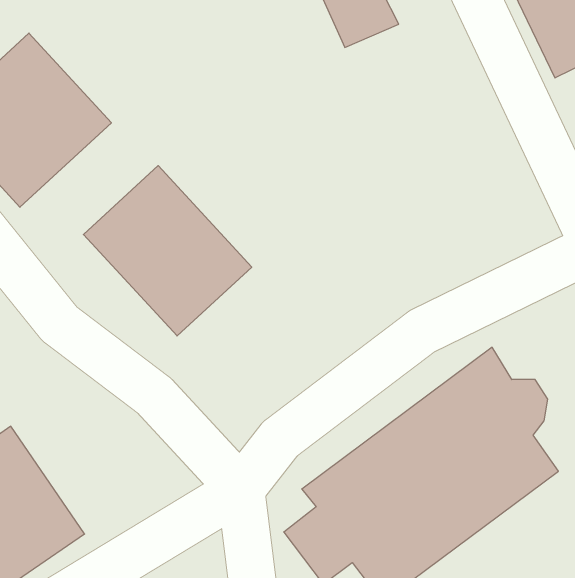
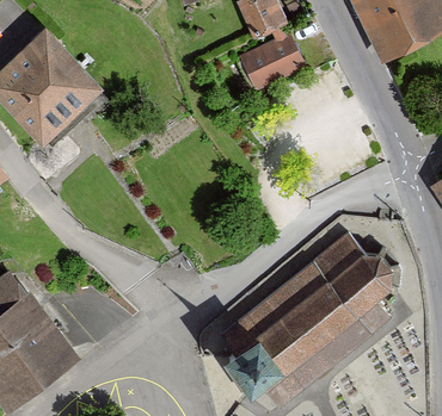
building: none -> [246,33,317,93]
building: [83,166,252,336] -> none

